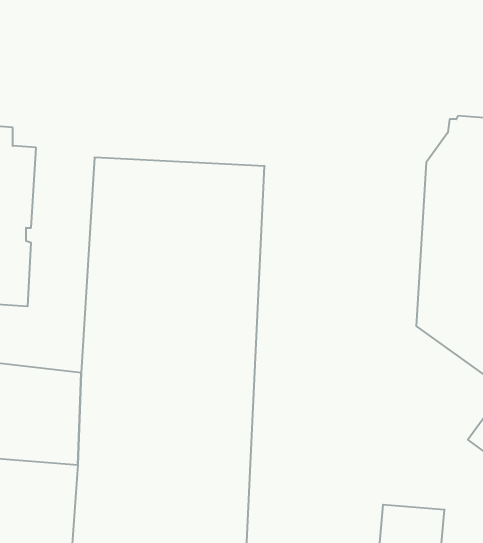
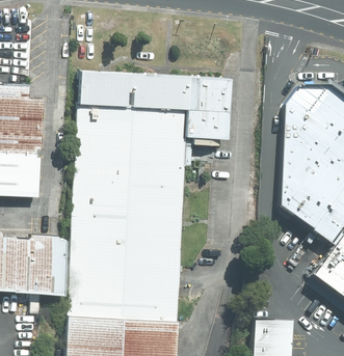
building: none -> [78,70,228,138]

